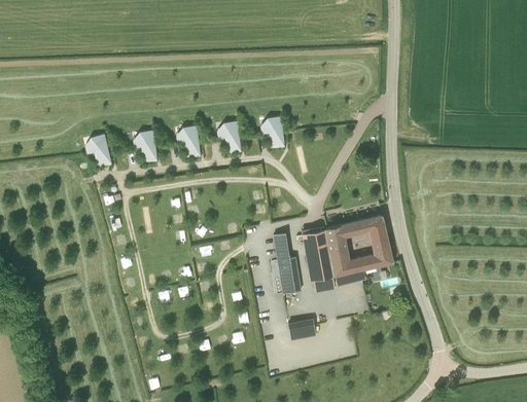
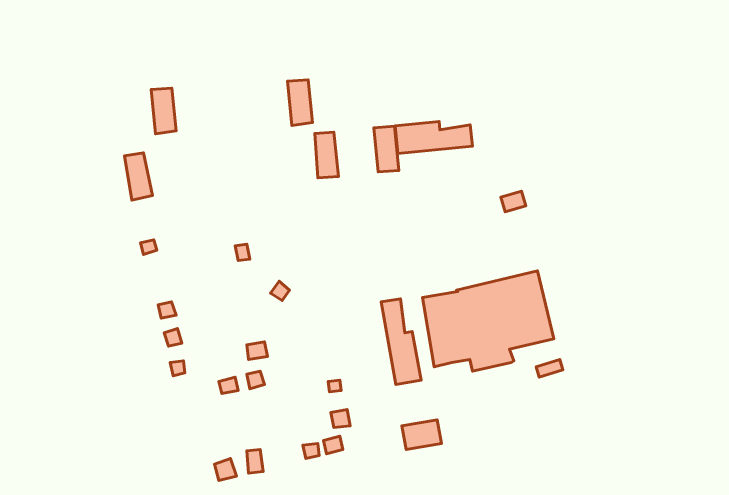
building: none -> [395,122,473,154]
building: [184,123,202,155] -> [287,80,312,126]
building: [142,127,160,159] -> [151,88,176,134]

